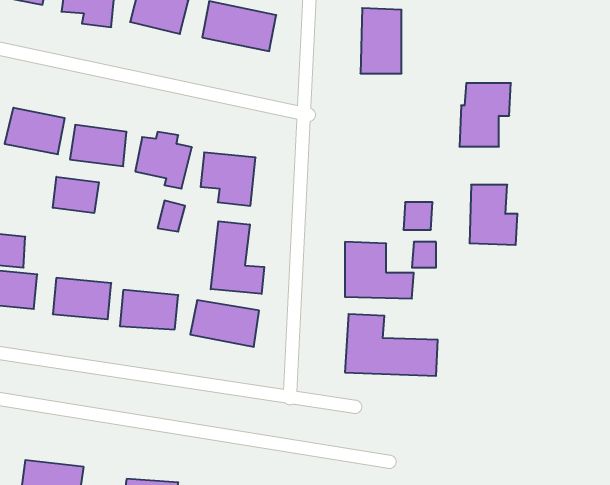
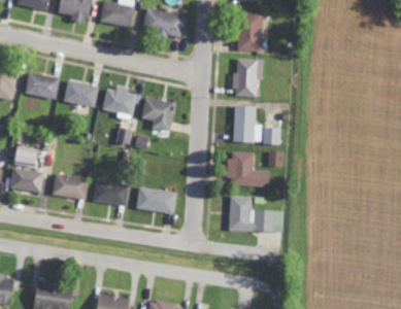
building: [459,83,511,147] -> [234,59,265,97]
building: [53,177,99,213] -> none
building: [469,185,518,245] -> [234,106,263,142]
building: [211,221,264,294] -> none

